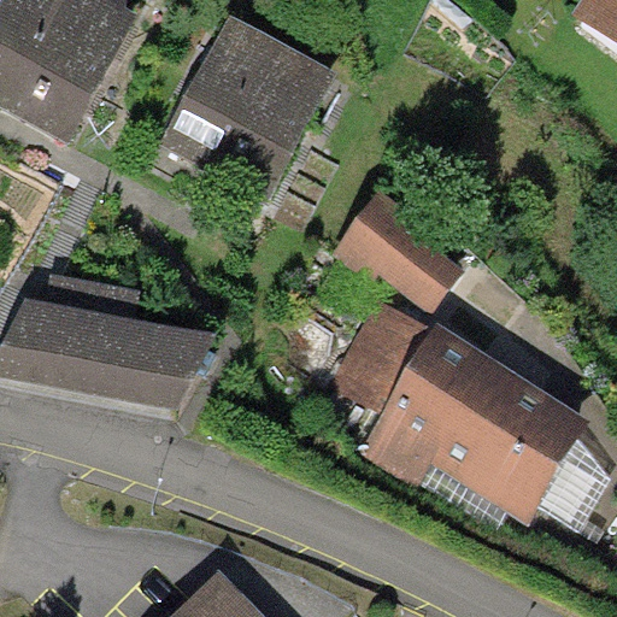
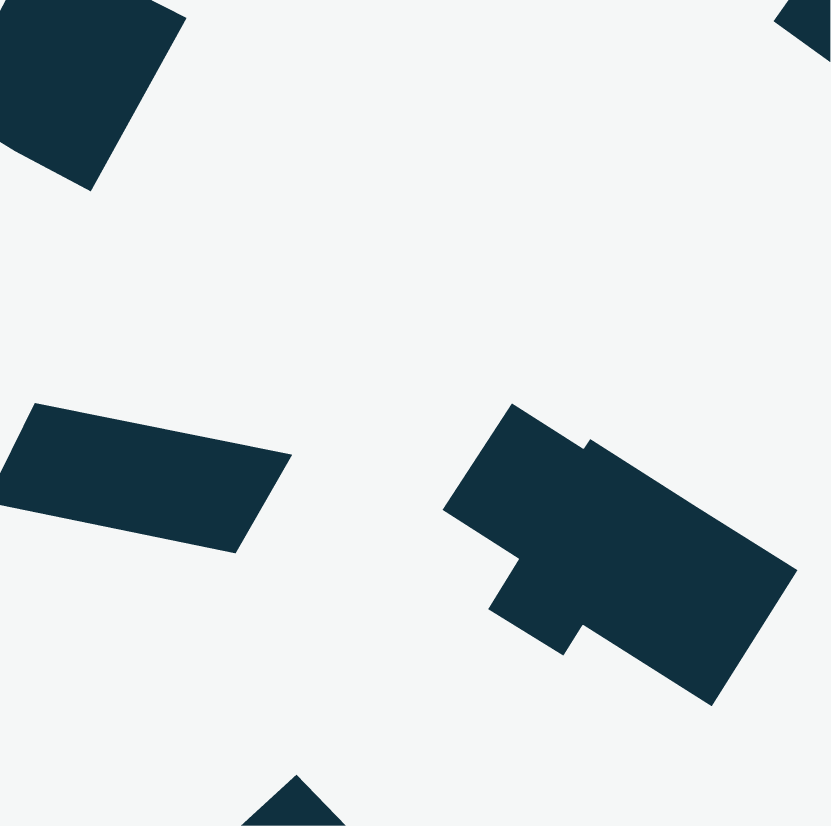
building: [158,13,337,204] -> none
building: [331,190,465,315] -> none

